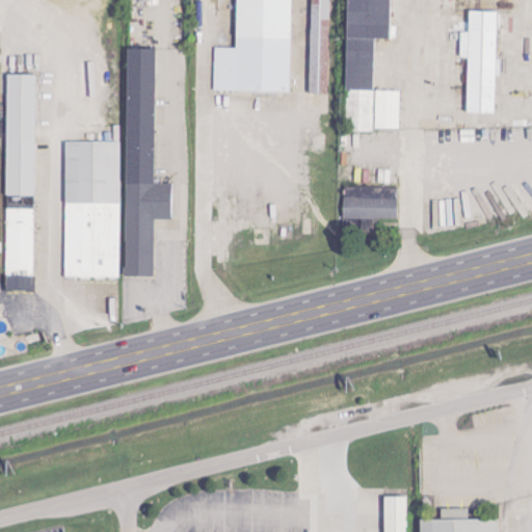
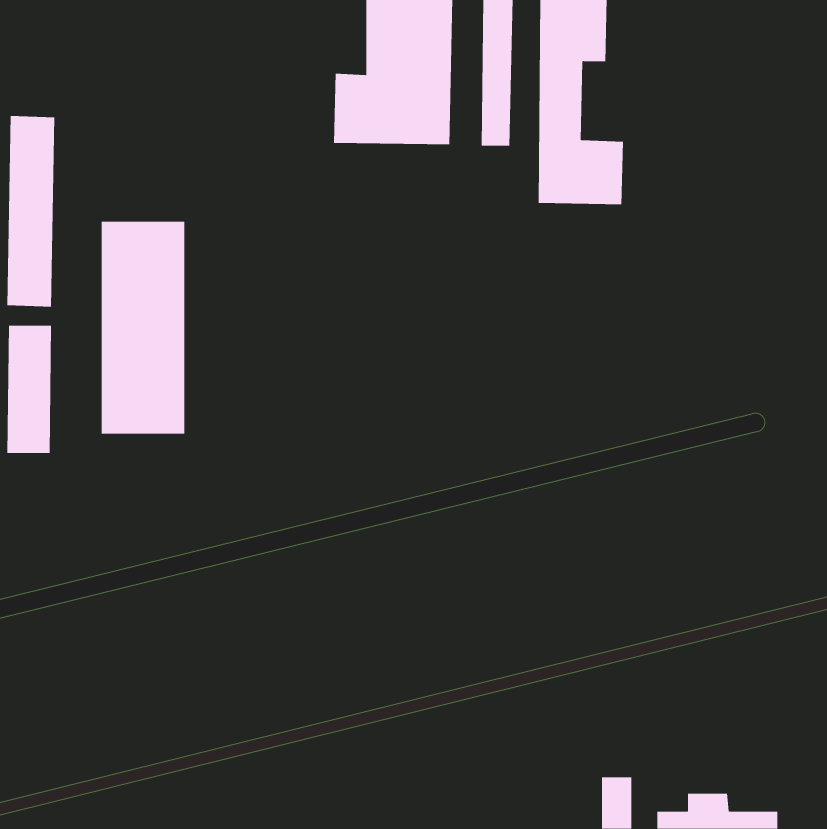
building: [459,10,496,113] -> none
building: [123,48,170,276] -> none
building: [342,187,396,219] -> none

